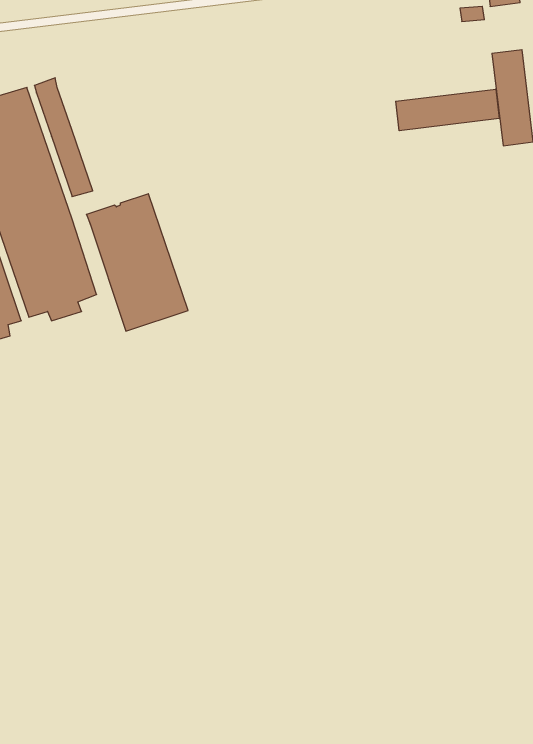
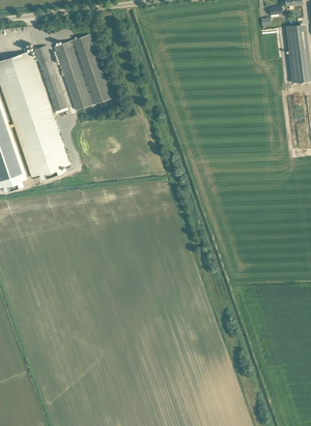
building: [396,89,499,131] -> none
building: [86,194,188,331] -> [53,34,109,110]

